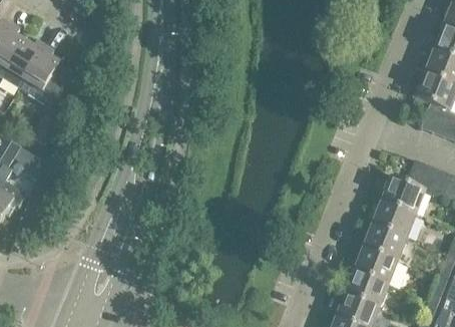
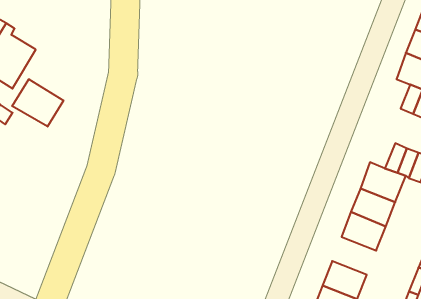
building: none -> [12,79,63,127]
building: [355,248,397,284] -> none

